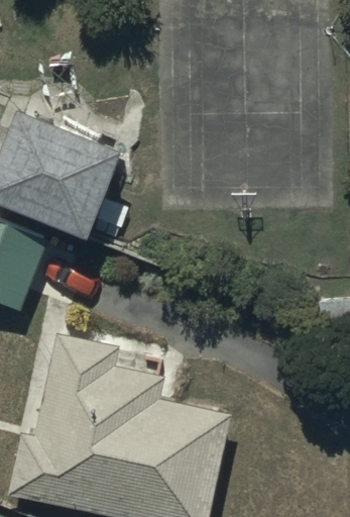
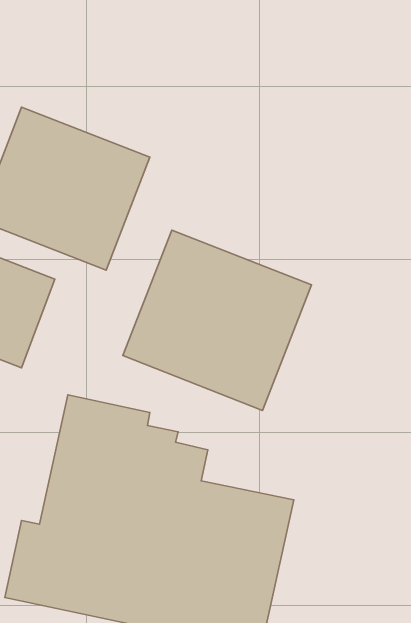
building: none -> [123,230,311,410]

